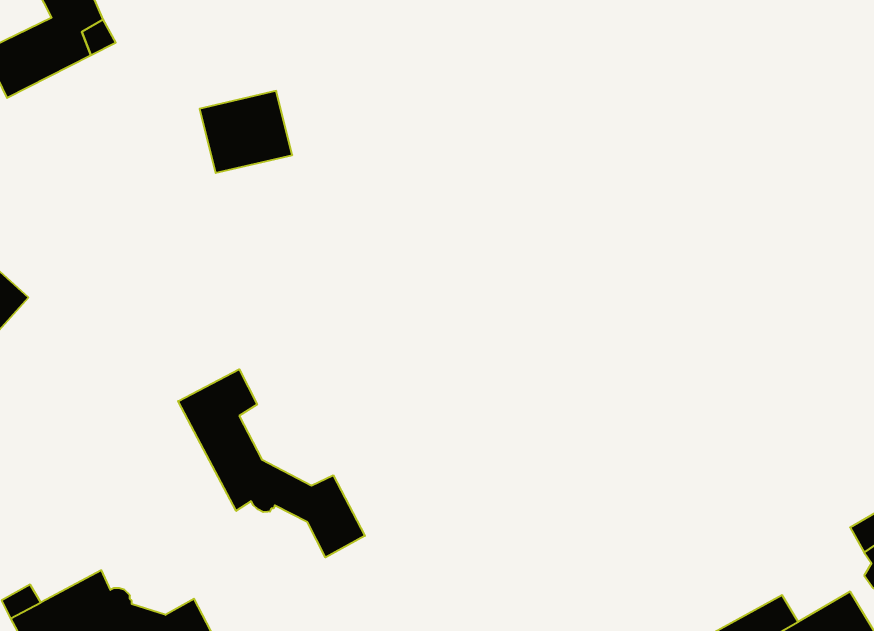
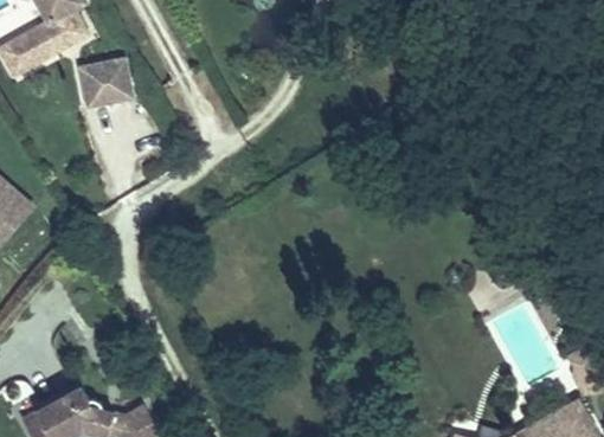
building: [200,91,292,173] -> [79,62,141,116]
building: [178,369,365,557] -> none

